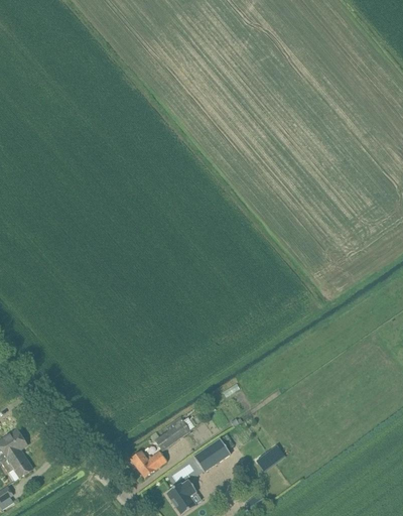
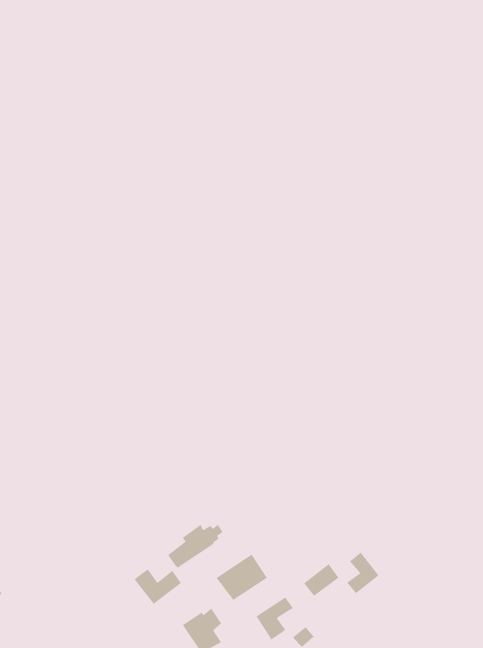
building: none -> [346,552,379,594]
building: none -> [256,596,294,640]

